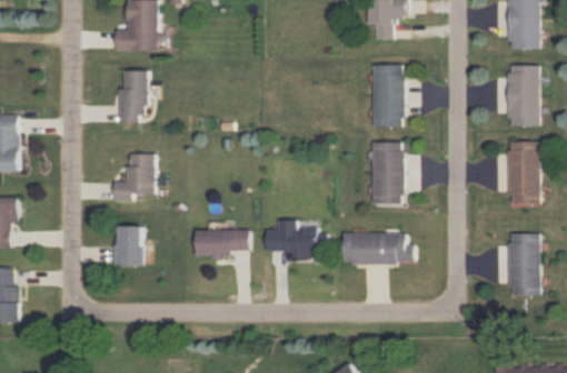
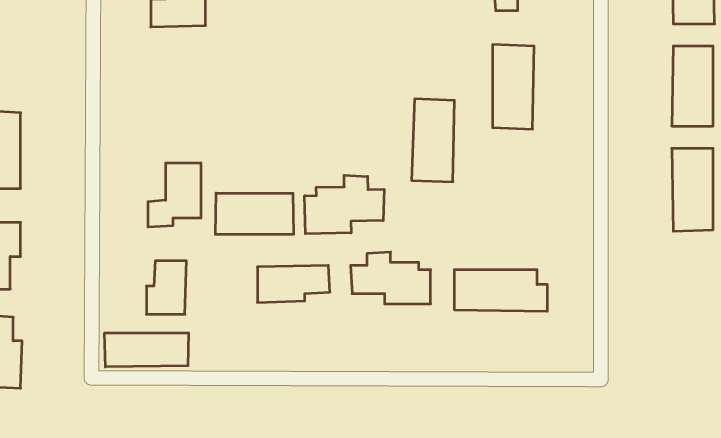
building: [119,71,146,123] -> none
building: [371,142,404,204] -> [412,99,454,182]
building: none -> [305,175,384,234]
building: none -> [215,193,294,234]
building: [507,233,539,295] -> none
building: none -> [105,333,189,367]

